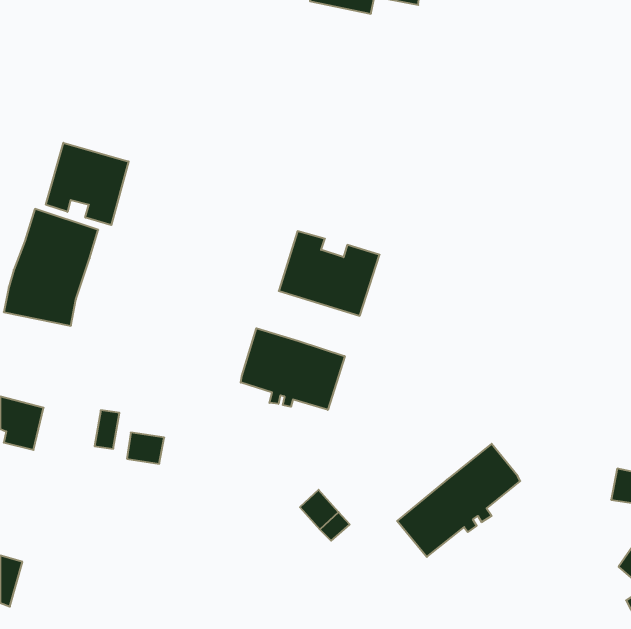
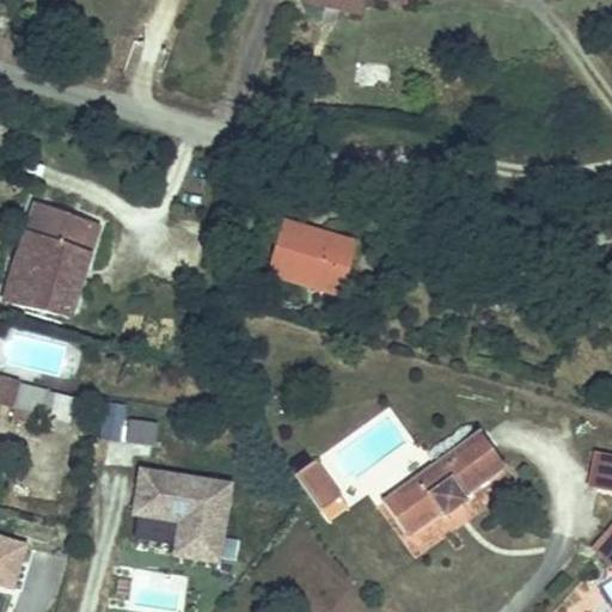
building: [46,143,129,225] -> none
building: [241,328,345,410] -> none
building: none -> [129,466,226,555]

